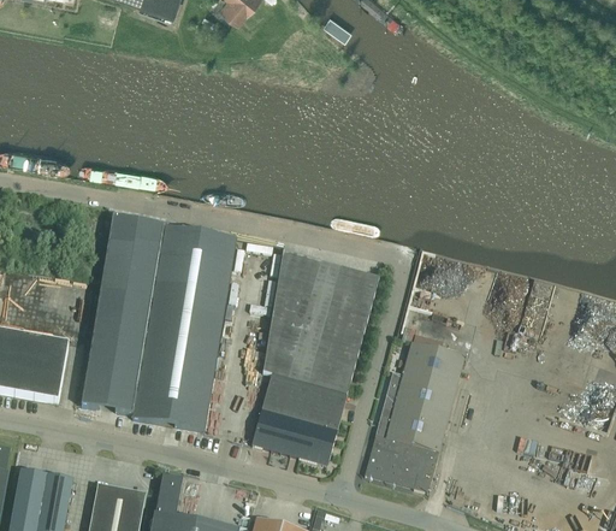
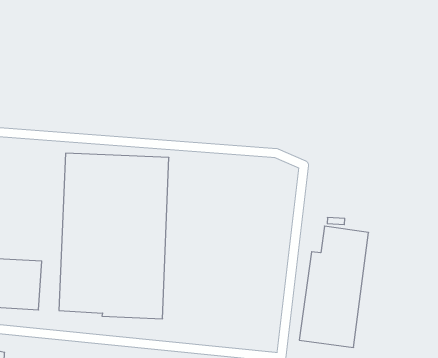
building: [251,253,379,466] -> none

